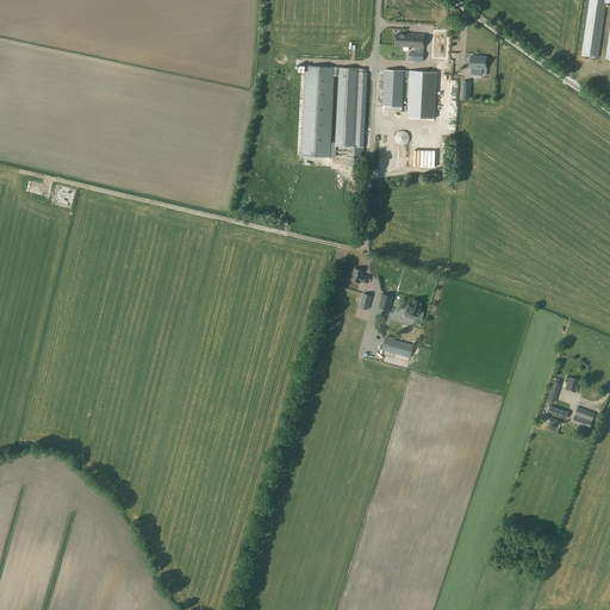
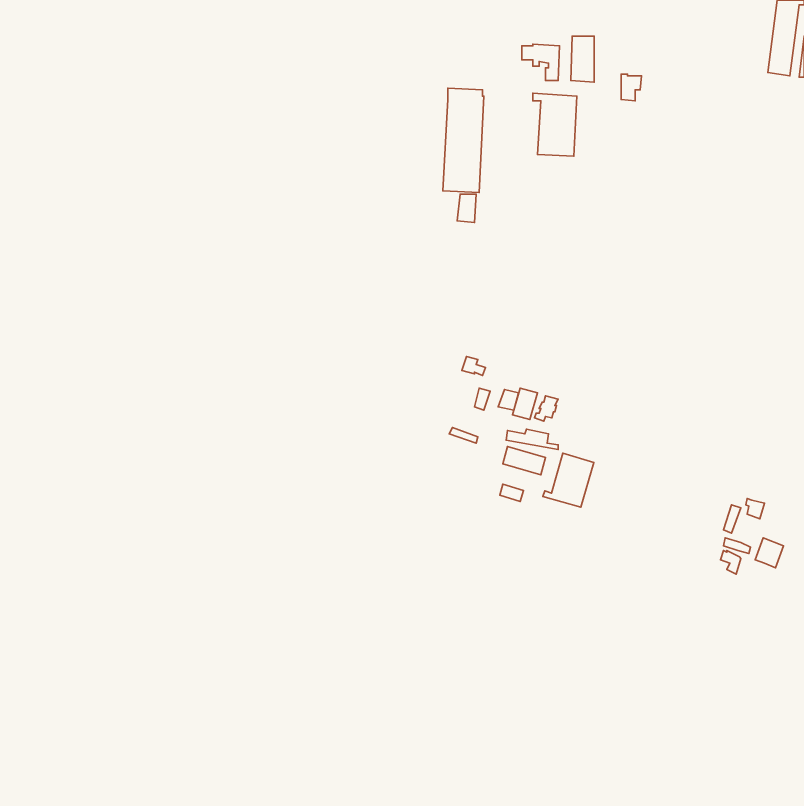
building: [300,66,338,157] -> none
building: [379,70,403,107] -> none
building: none -> [543,453,594,507]

